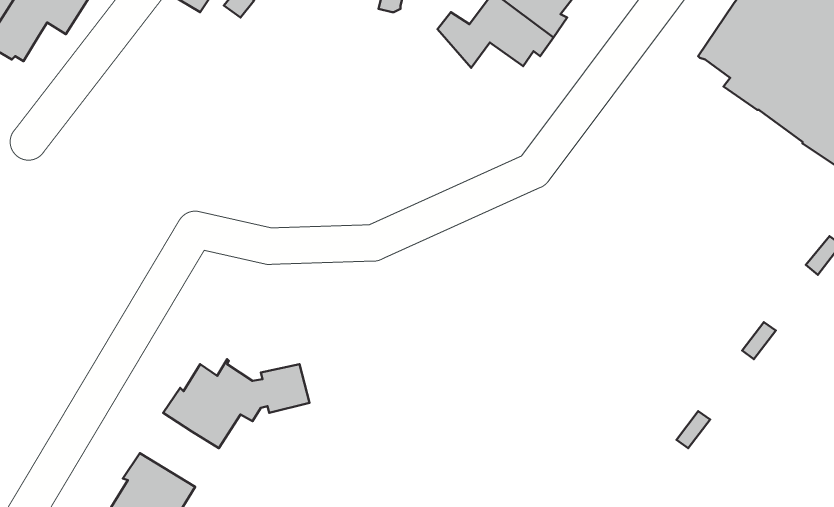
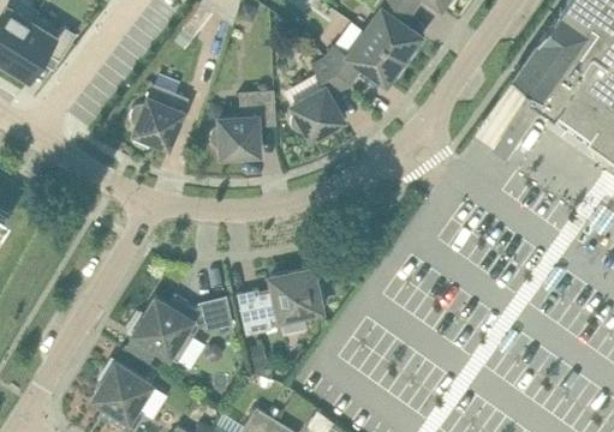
building: none -> [290,59,348,143]
building: none -> [130,85,189,149]
building: none -> [209,91,275,162]
building: none -> [237,269,324,336]

